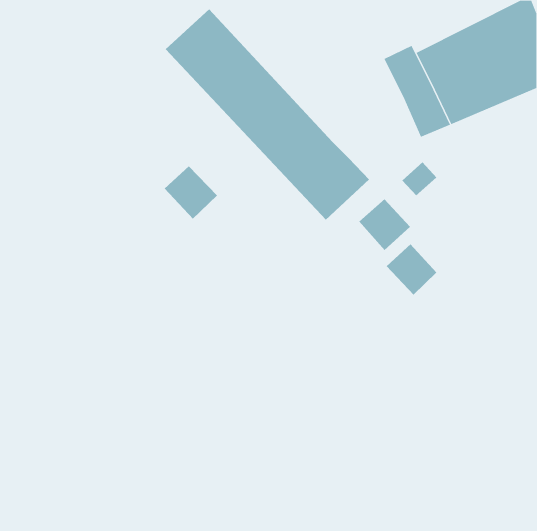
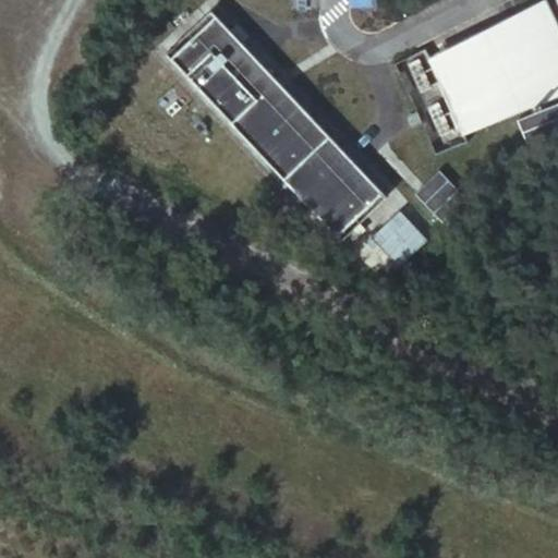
building: [164,165,218,220] -> none
building: [386,243,437,295] -> none

